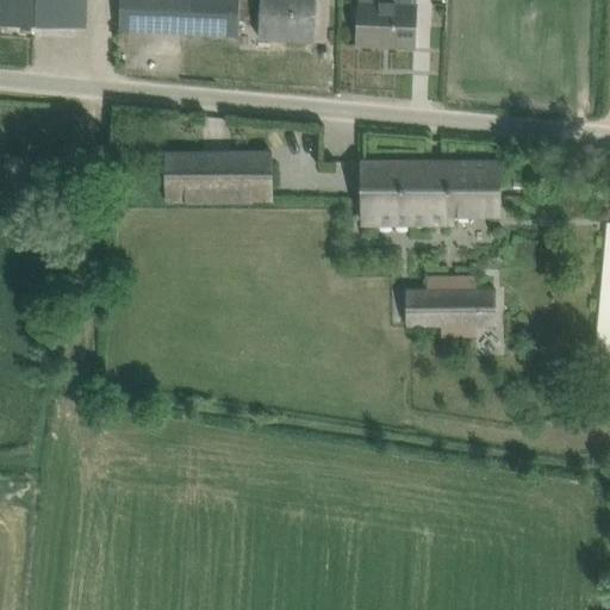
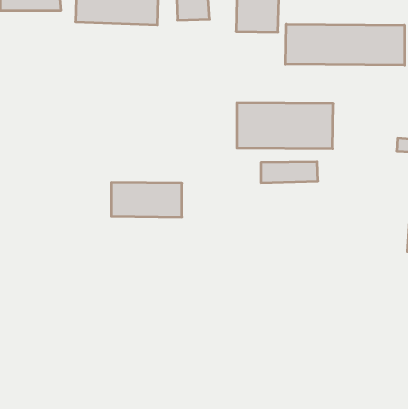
building: none -> [285,24,405,65]
building: [168,160,273,211] -> [111,183,182,217]
building: [415,288,499,319] -> [261,162,318,183]

